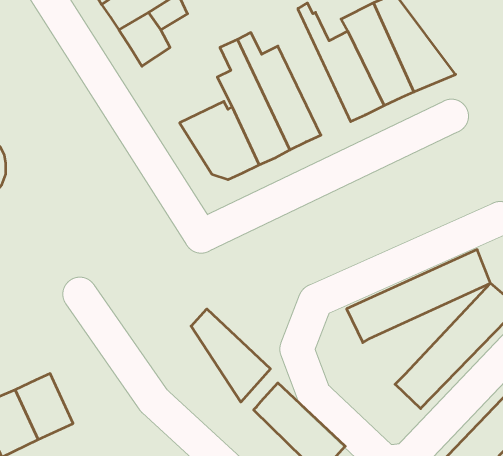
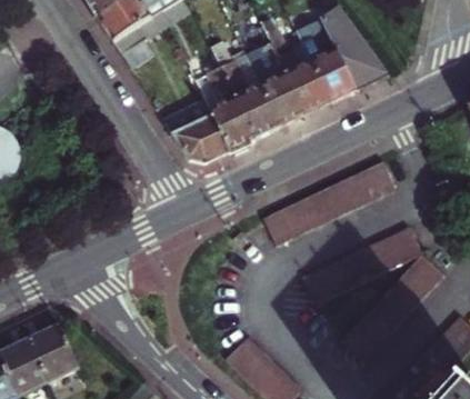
building: none -> [246,24,306,128]
building: none -> [260,158,393,240]
building: [191,309,270,402] -> none

